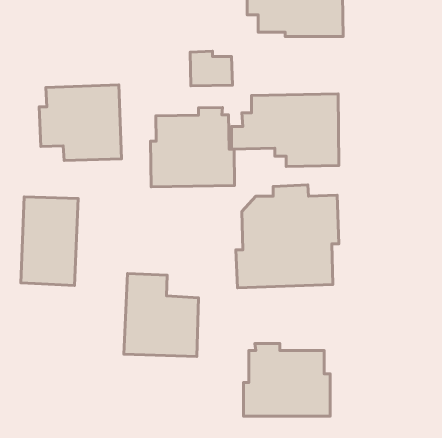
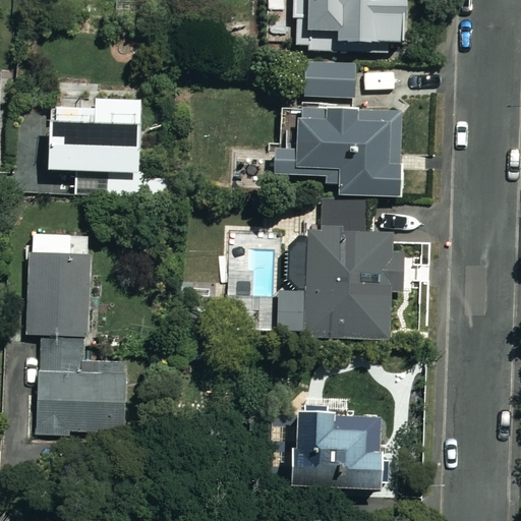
building: [190,51,232,86] -> [304,55,354,96]
building: [150,107,235,187] -> none
building: [124,273,198,357] -> [38,333,125,430]

